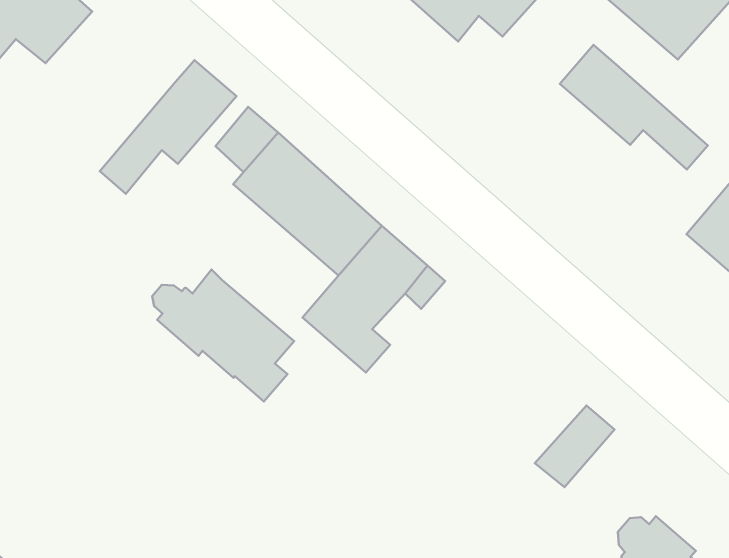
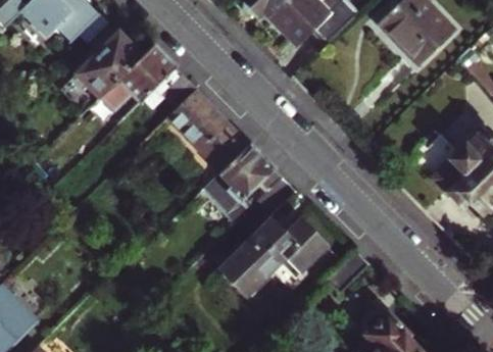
building: none -> [71,34,142,104]
building: [560,45,708,170] -> none
building: [152,269,294,401] -> none
building: none -> [216,217,329,300]

